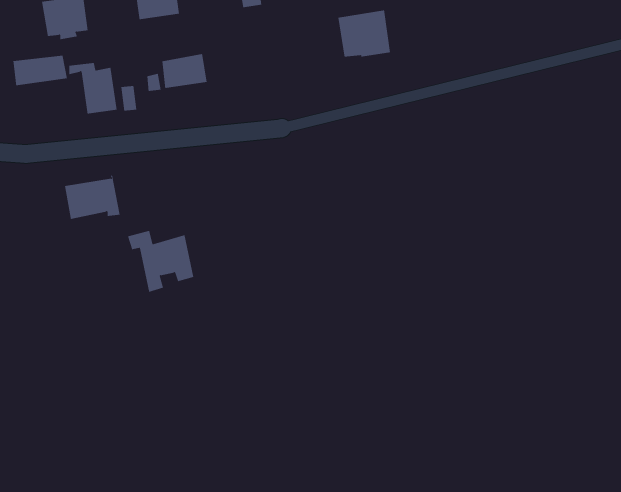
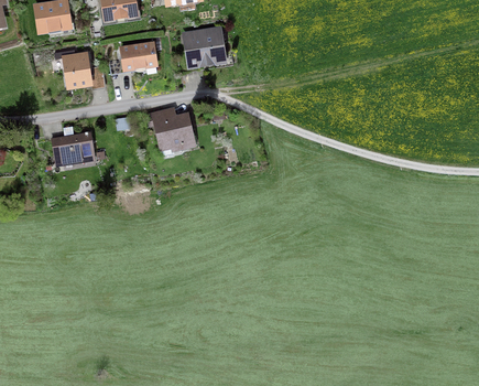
building: [338,10,391,57] -> [185,29,224,63]
building: [13,55,67,86] -> none
building: [127,230,194,292] -> [146,109,195,154]

